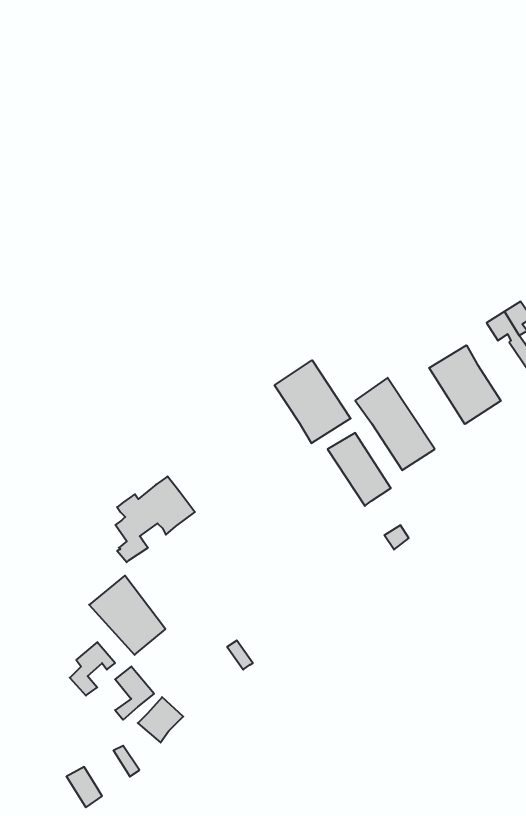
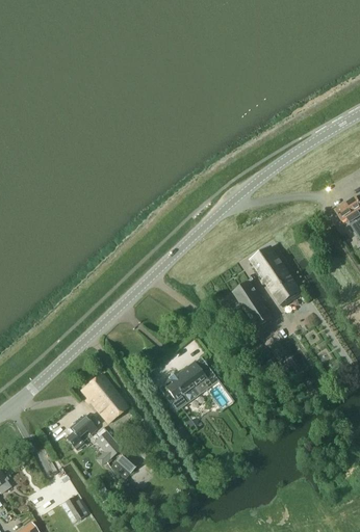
building: [429,345,501,424] -> none
building: [275,360,351,443] -> none
building: [115,476,195,562] -> [166,356,217,411]

